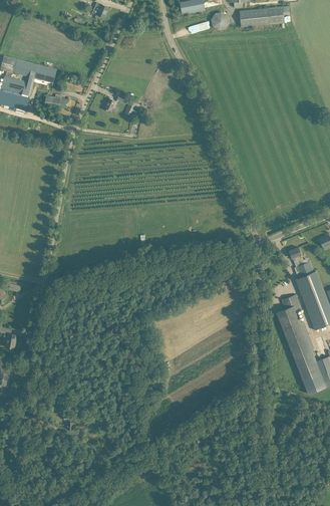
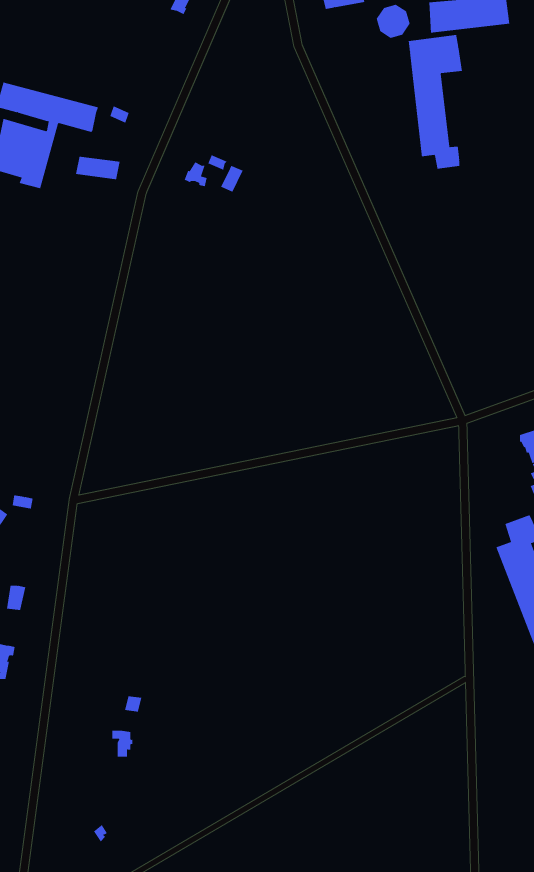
building: none -> [408,34,462,170]

